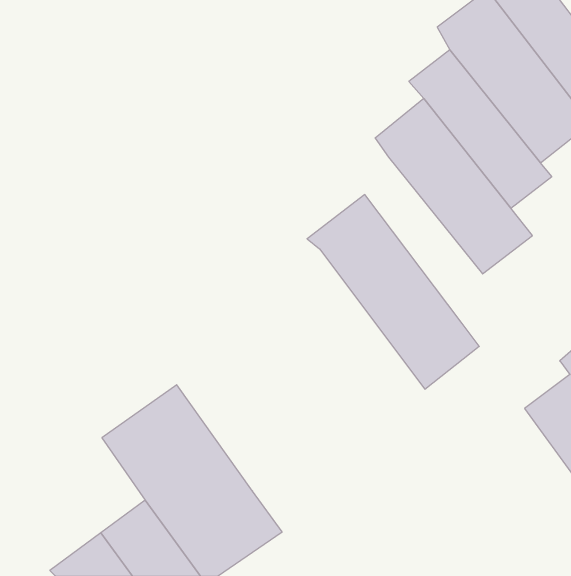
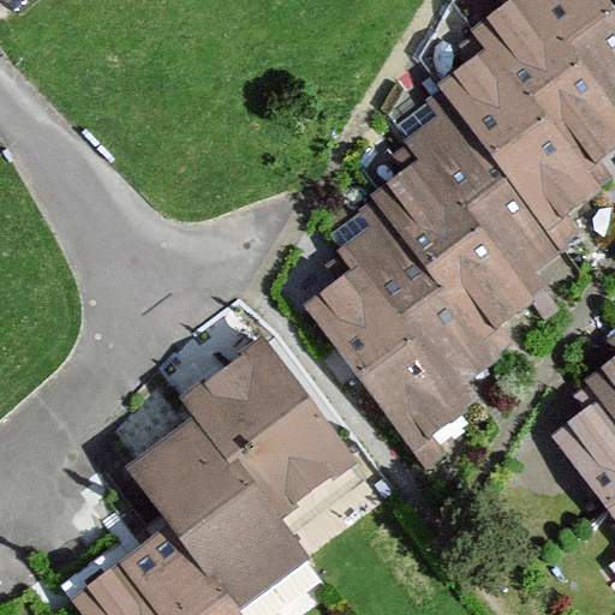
building: none -> [382,167,538,344]
building: none -> [300,264,459,448]
building: none -> [180,332,357,521]

